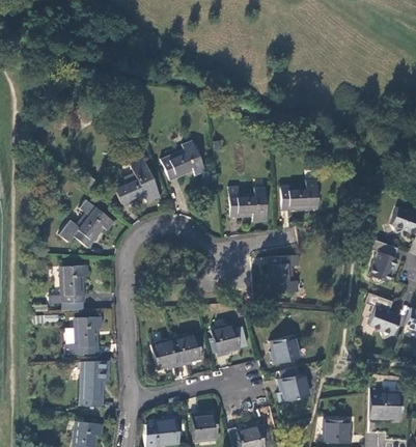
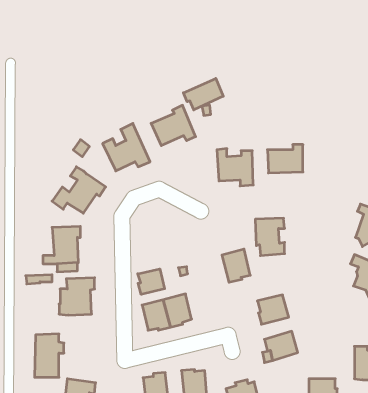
building: none -> [183,78,223,110]
building: none -> [138,269,165,294]
building: [211,324,240,358] -> [222,249,250,282]
building: [80,361,110,406] -> [35,334,64,377]

